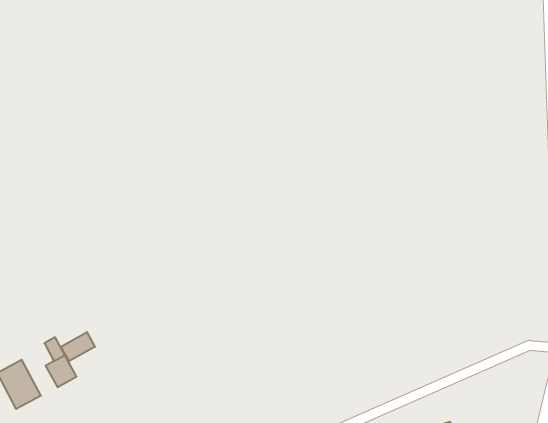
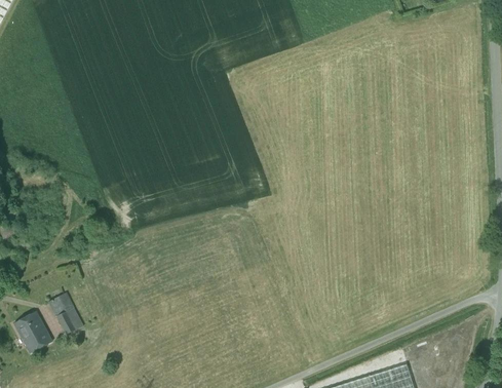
building: [61,332,95,361] -> none

